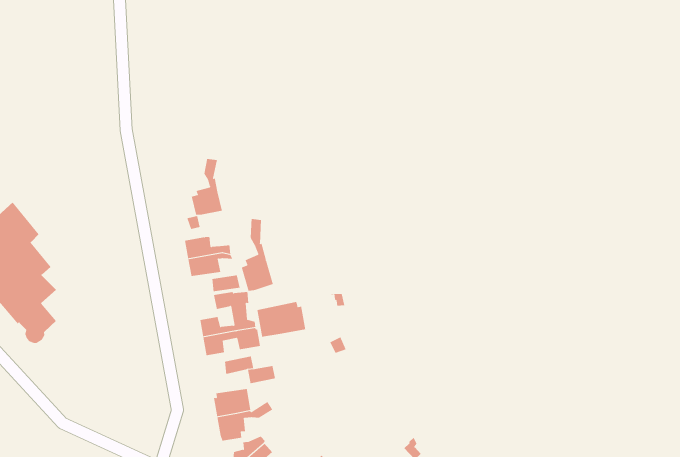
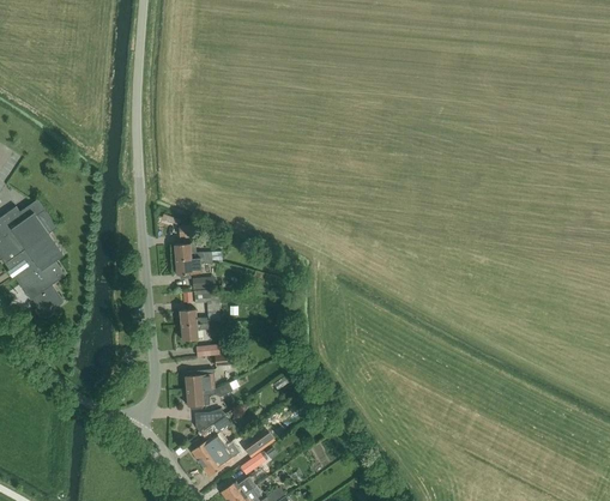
building: [191,158,223,216] -> none
building: [241,218,274,291] -> none
building: [257,301,306,337] -> none

